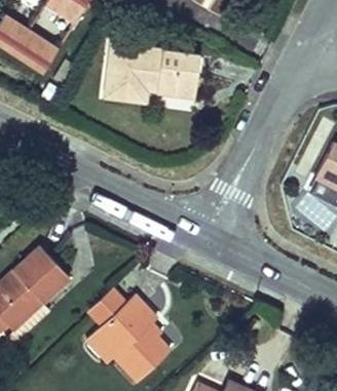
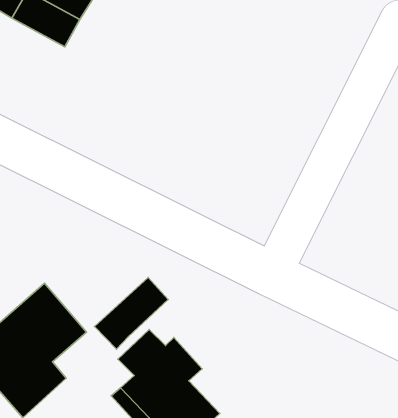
building: [108,48,199,101] -> none
building: none -> [95,278,168,349]

